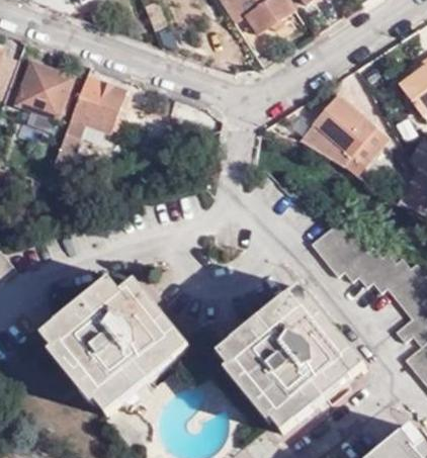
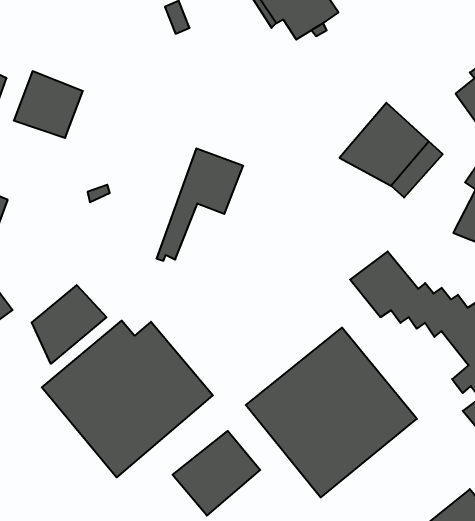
building: [52,78,126,175] -> [156,148,243,261]
building: none -> [32,285,106,364]
building: none -> [173,431,260,516]

